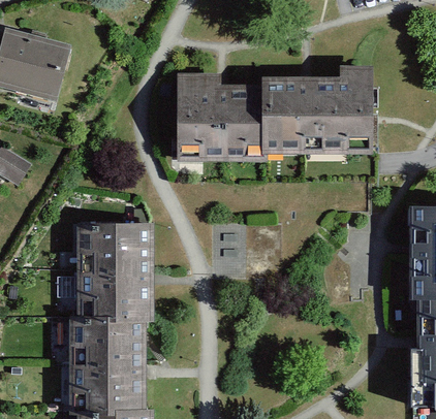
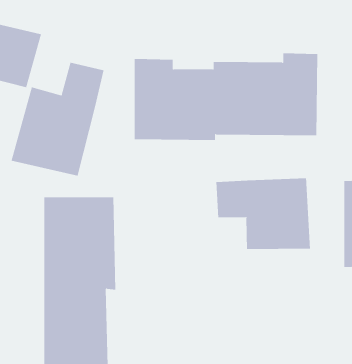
building: none -> [11,62,104,176]
building: none -> [216,177,310,250]

